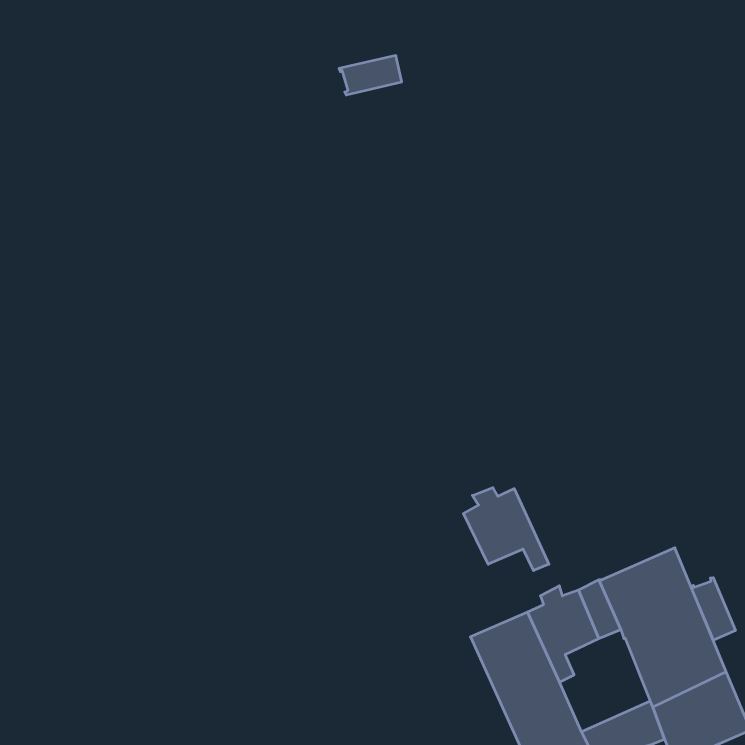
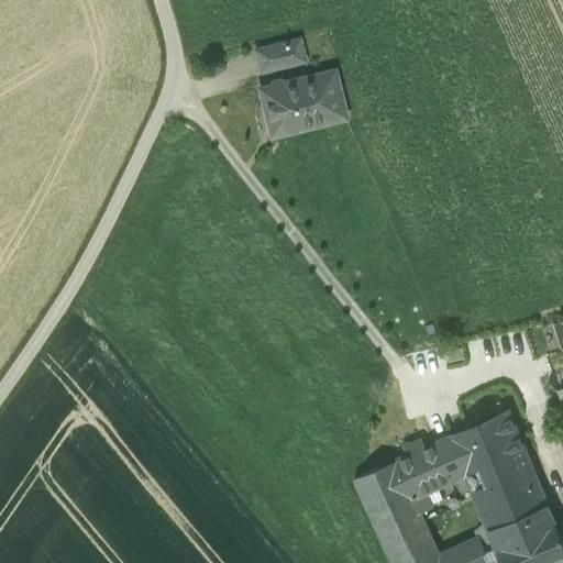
building: none -> [262,74,344,136]
building: [463,488,549,571] -> none
building: [691,578,735,640] -> none

